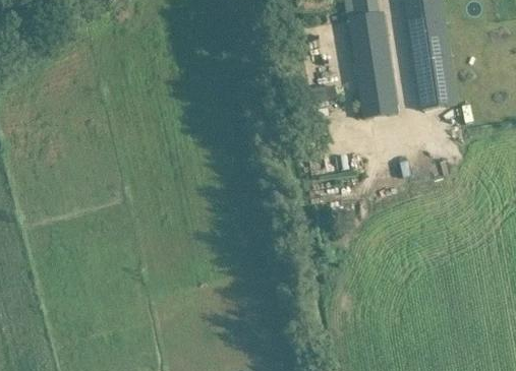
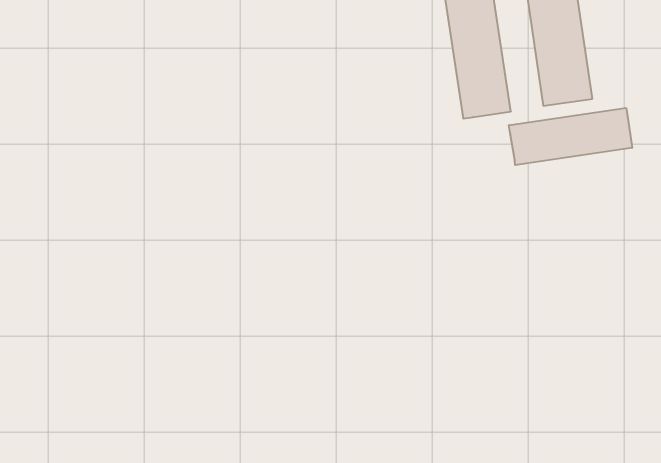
building: none -> [509,108,632,165]

